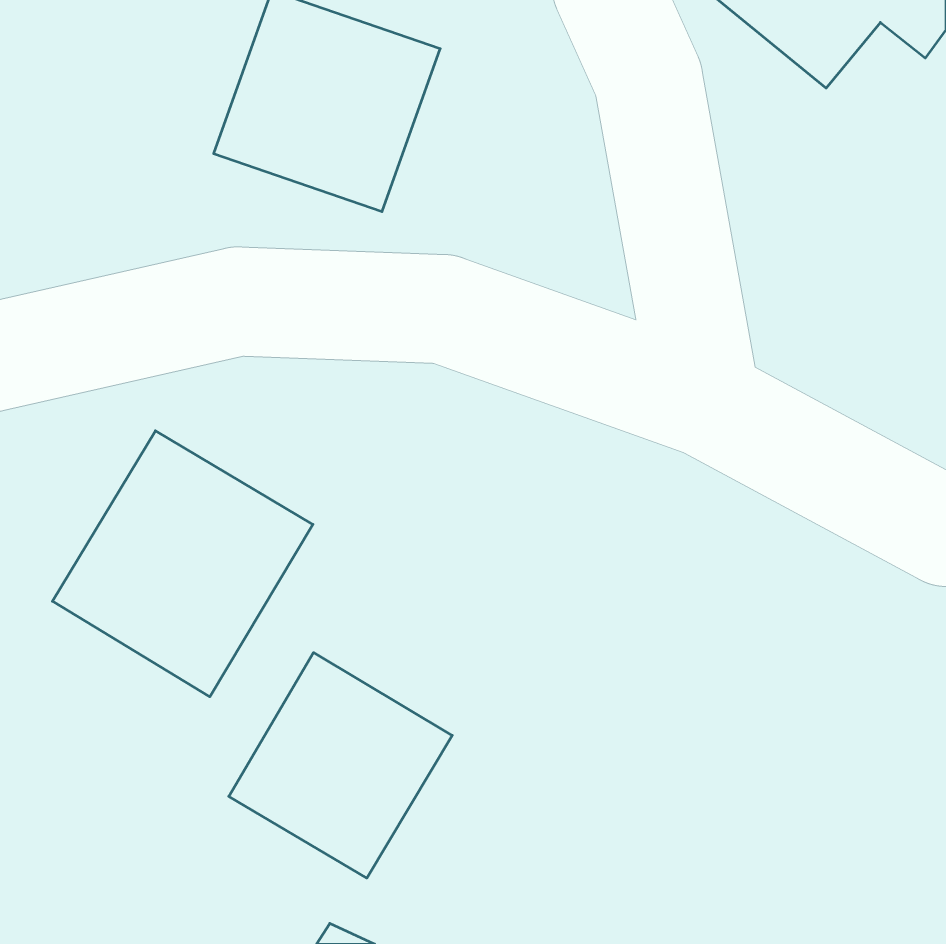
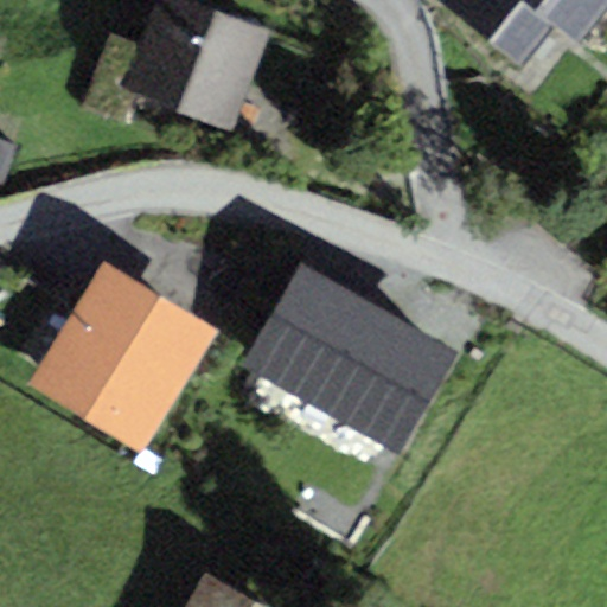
building: none -> [249,270,441,439]
building: [229,653,452,878] -> none

